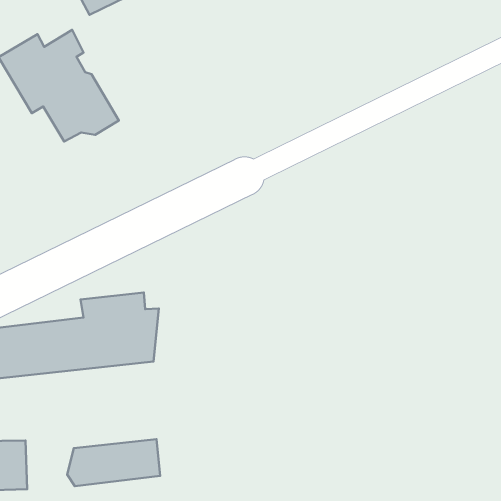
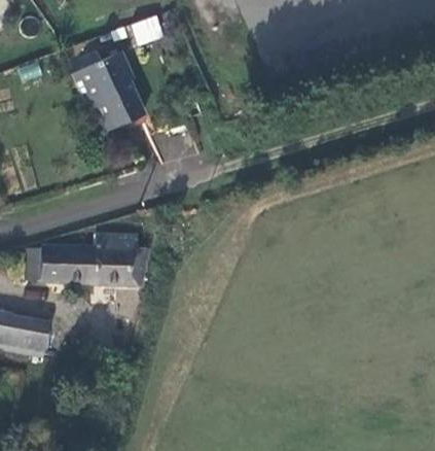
building: [67,439,160,486] -> none

